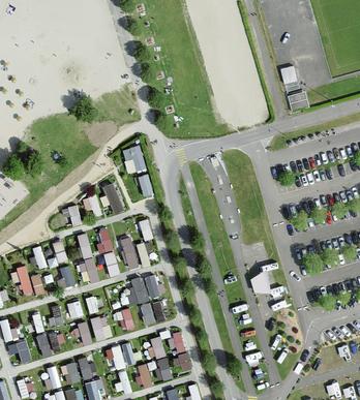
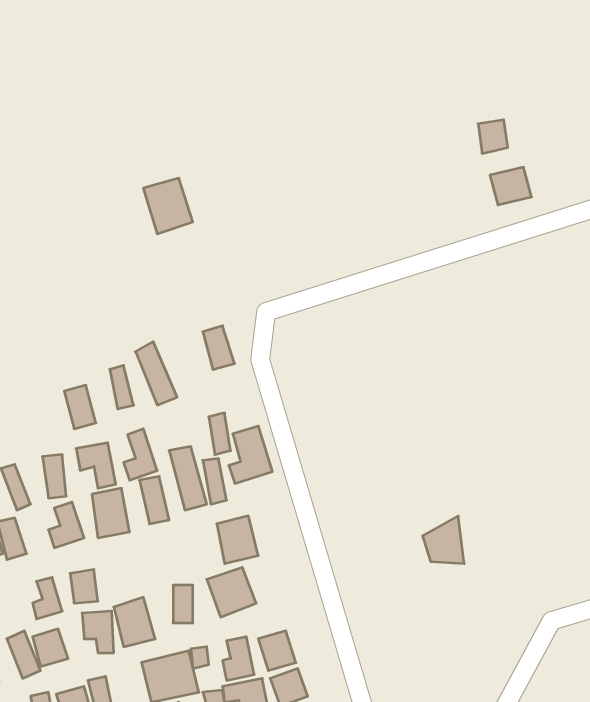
building: [121,145,147,174] -> [143,178,193,234]
building: [127,276,150,306] -> [229,426,272,483]

